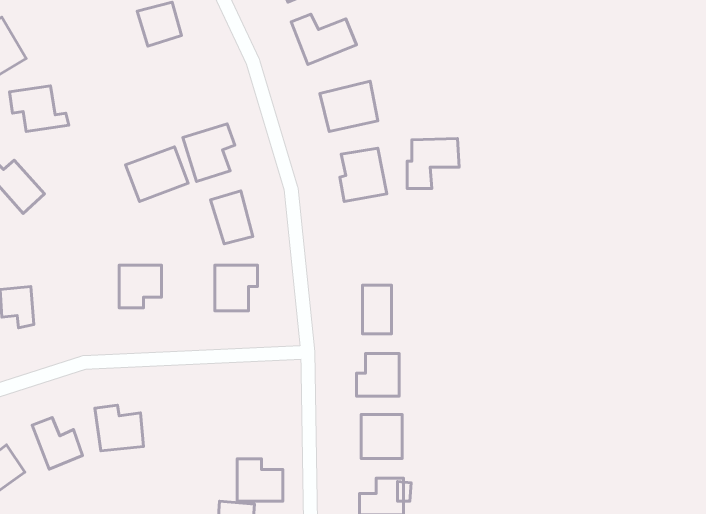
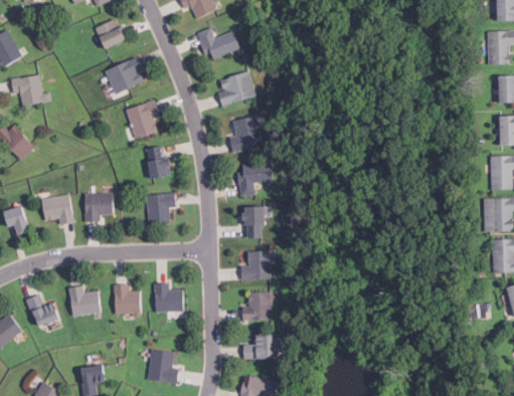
building: [407,138,459,189] -> [239,162,274,195]
building: [126,147,188,202] -> [106,57,147,93]
building: none -> [42,194,73,224]
building: none -> [115,284,141,315]
building: [237,459,283,501] -> [154,282,184,311]

